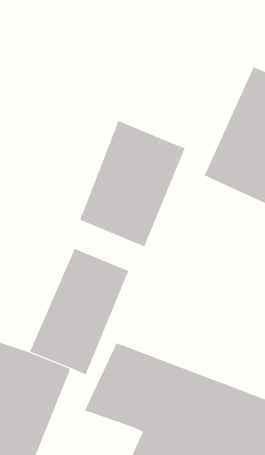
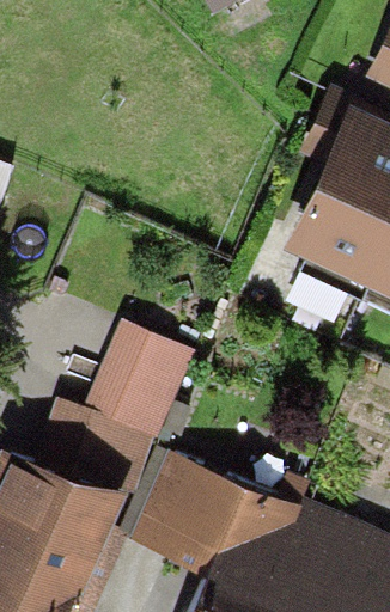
building: [80,120,185,247] -> none

